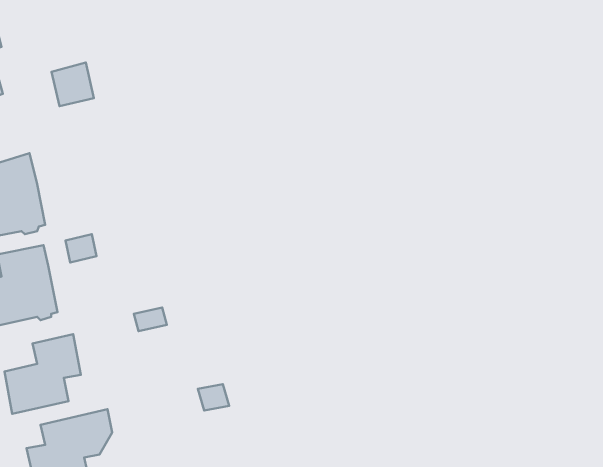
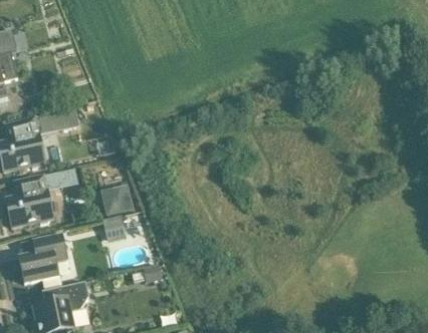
building: [52,62,94,106] -> [51,105,78,133]
building: none -> [99,185,133,212]

